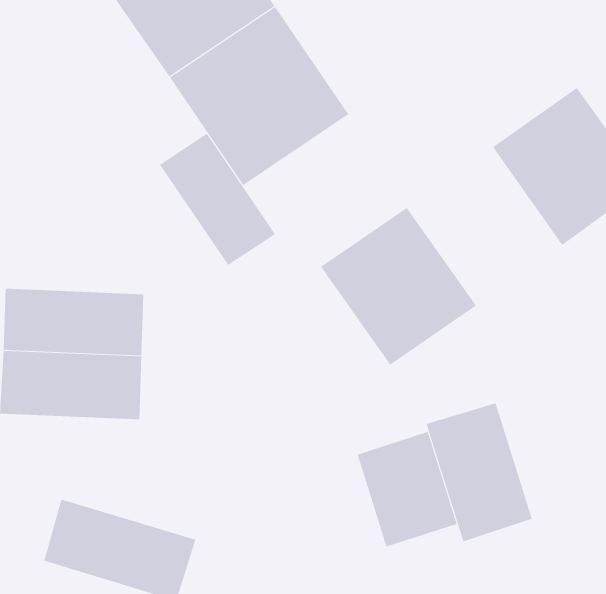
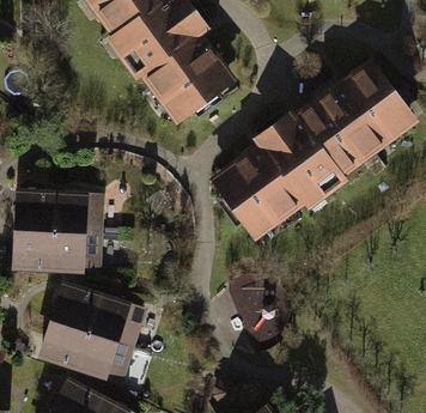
building: [159,133,276,266] -> none
building: none -> [266,102,361,200]
building: [426,402,532,542] -> none
building: none -> [51,284,146,345]

